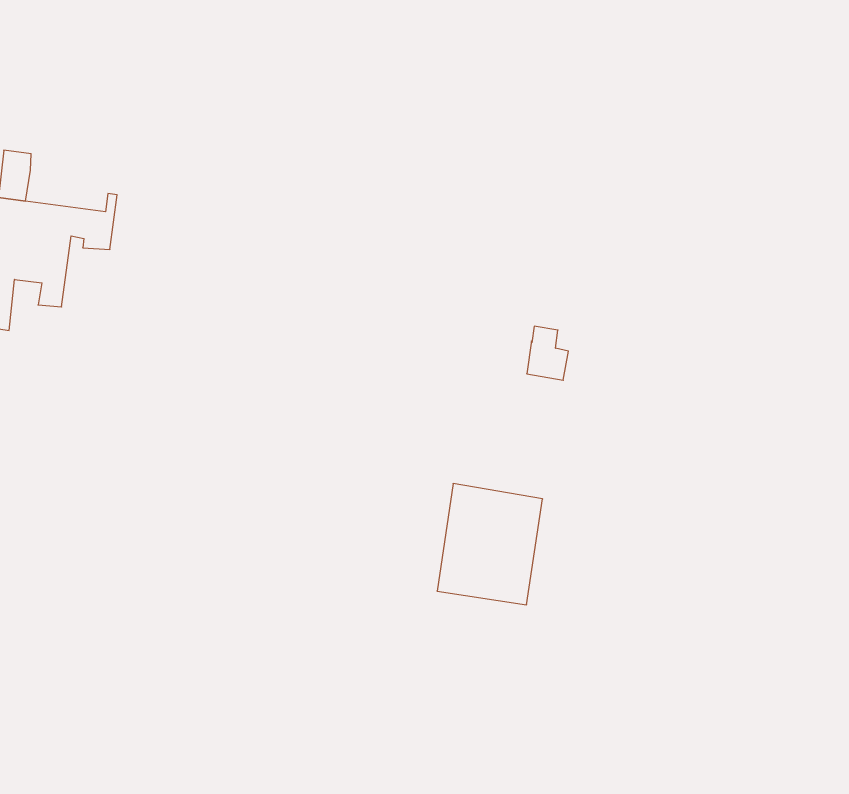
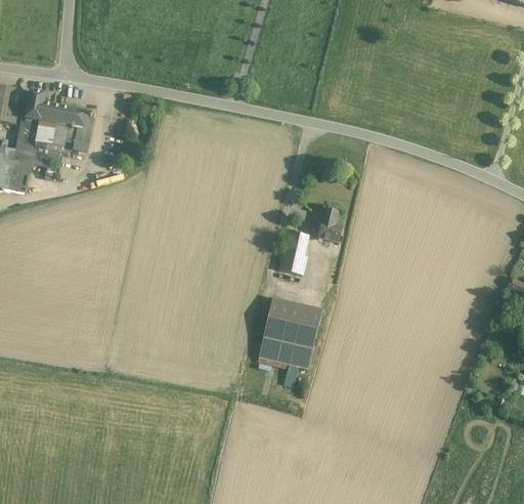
building: none -> [40,102,88,129]
building: none -> [278,230,307,276]

